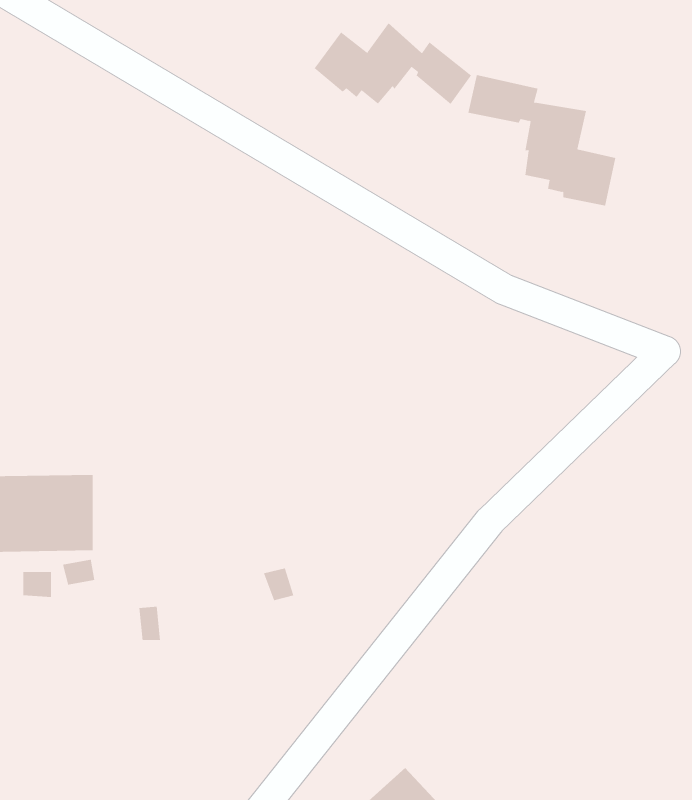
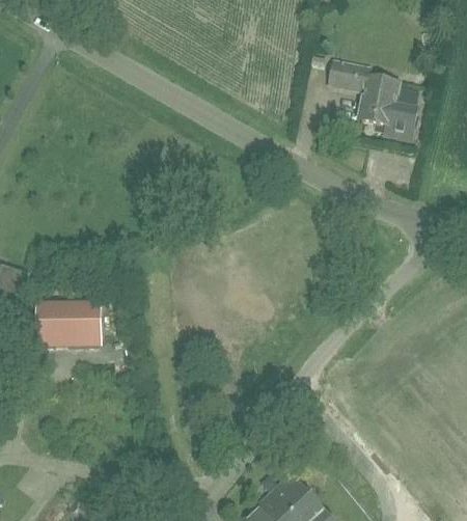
building: [314,23,472,105] -> none

